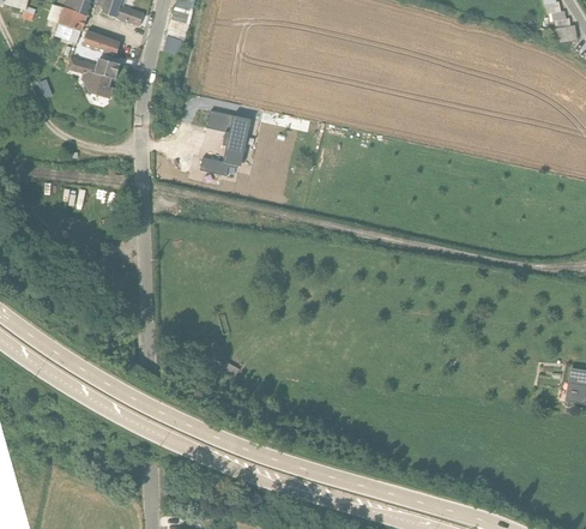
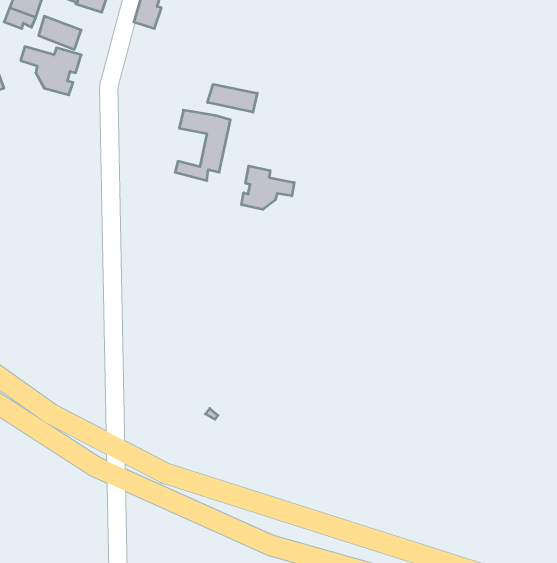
building: none -> [208,84,257,112]
building: none -> [242,166,294,209]

